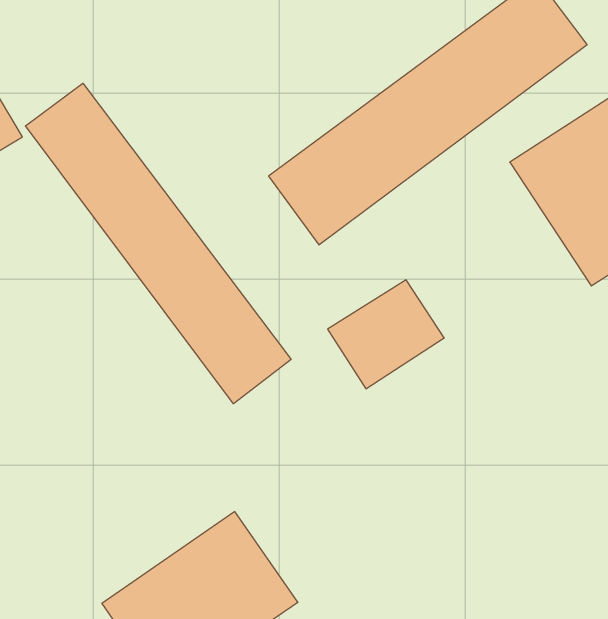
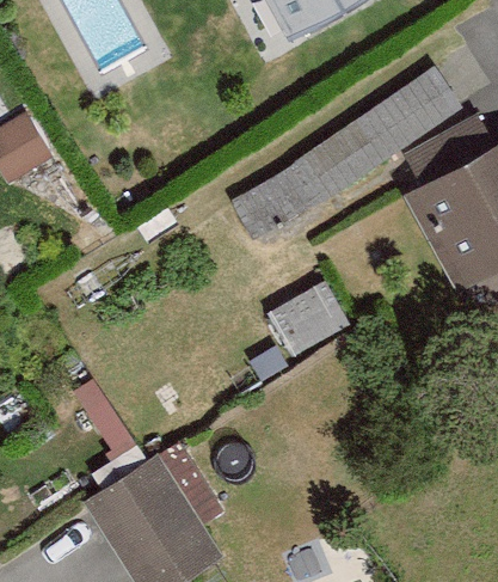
building: [25,83,291,404] -> none

